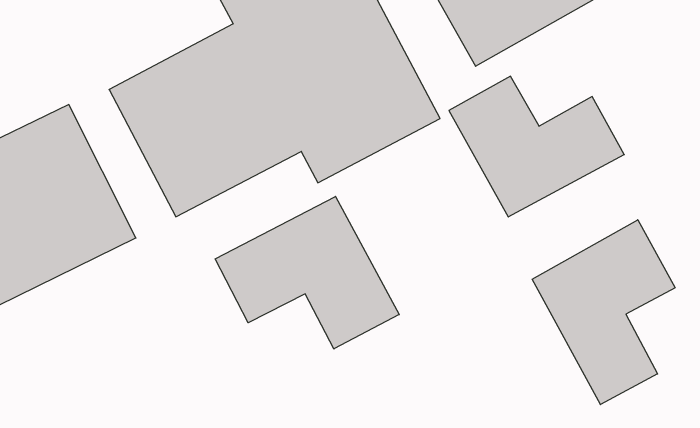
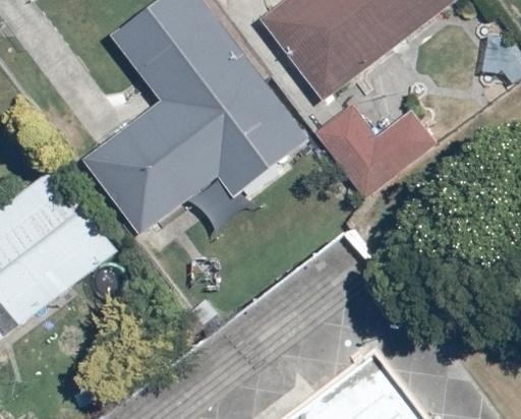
building: [215,196,399,349] -> none
building: [532,220,675,405] -> none

